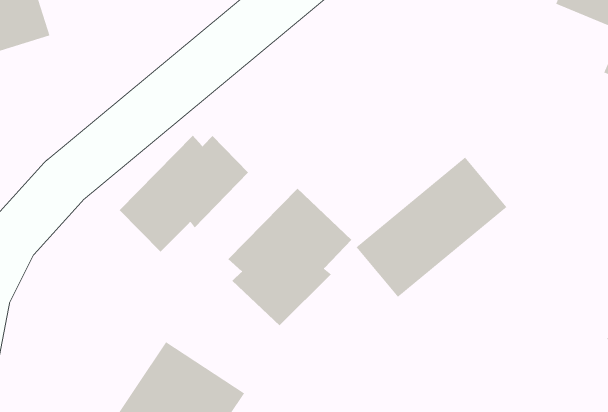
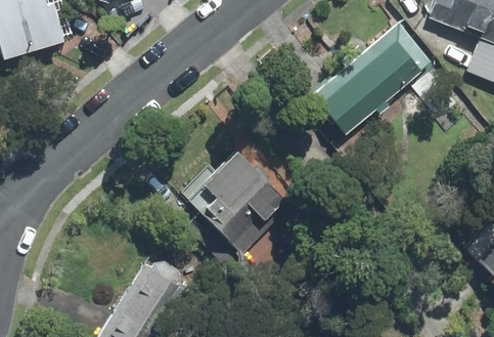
building: [119,135,249,253] -> none
building: [355,157,508,298] -> [318,24,432,129]

